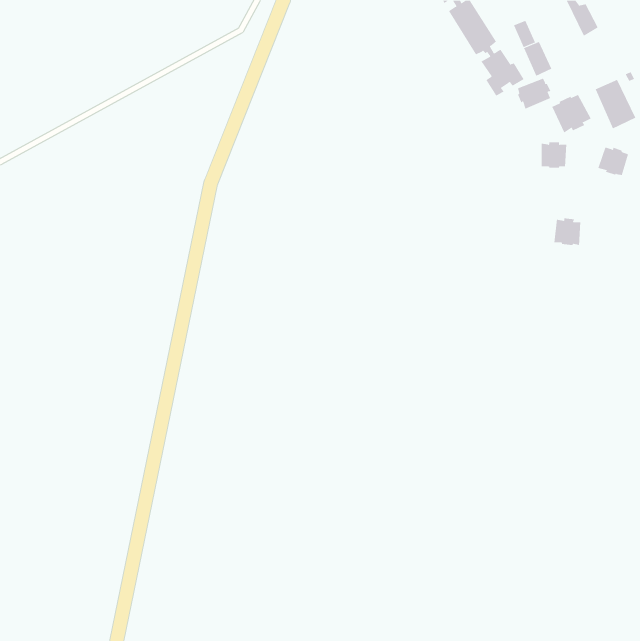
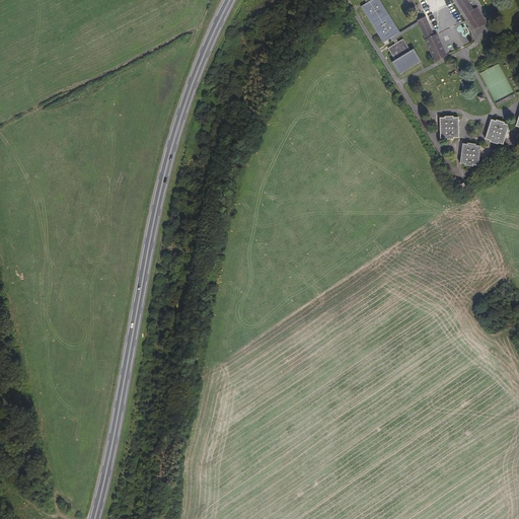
building: [517,78,551,110] -> none
building: [551,94,591,134] -> none
building: [554,218,581,246] -> [458,142,480,164]

